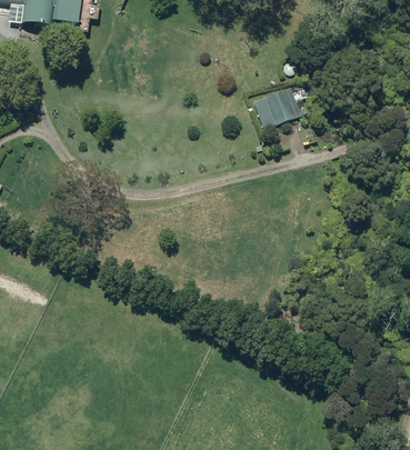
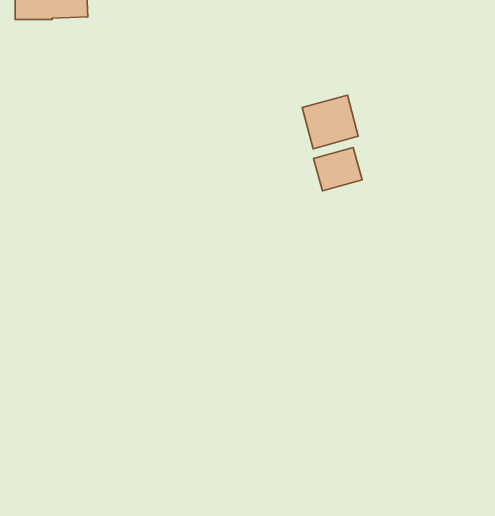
building: none -> [313,148,362,191]

